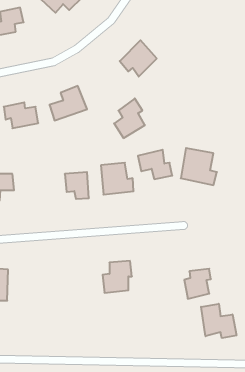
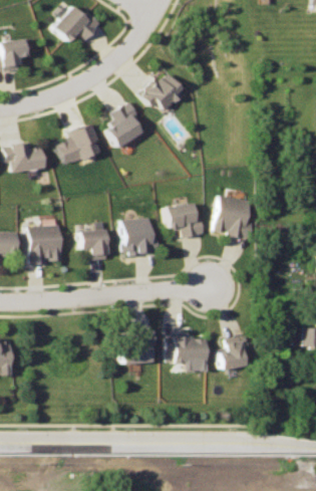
building: [114,98,145,138] -> [107,102,143,149]
building: none -> [28,221,61,263]
building: none -> [166,336,206,360]
building: [201,304,236,338] -> none

